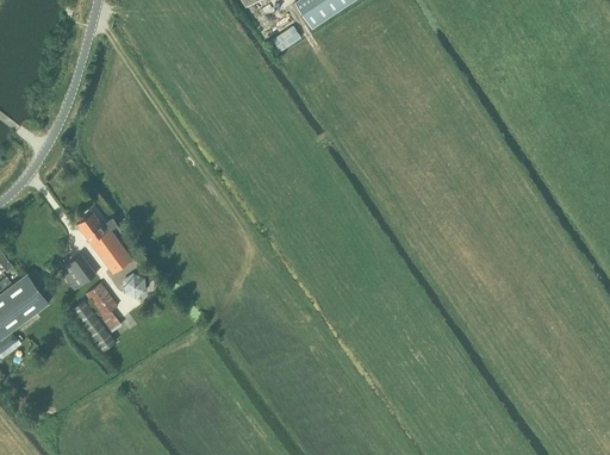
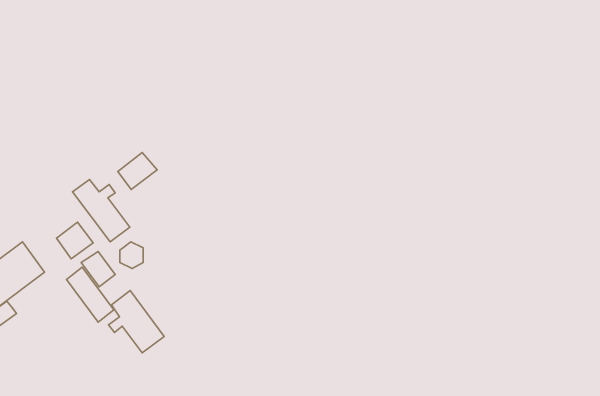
building: none -> [118,153,157,189]
building: none -> [109,290,164,353]

